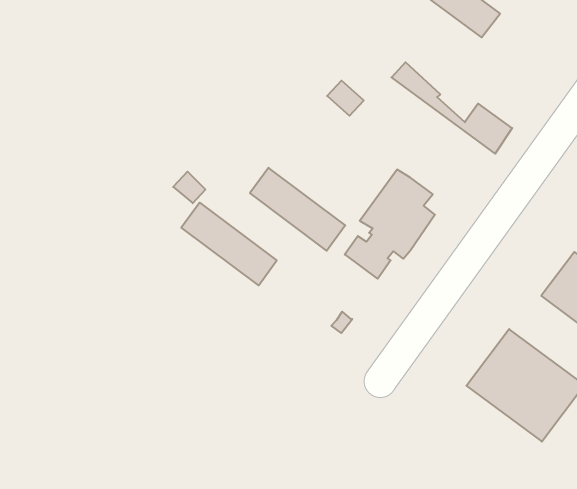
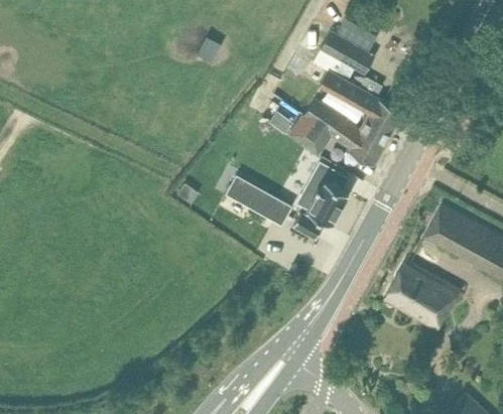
building: none -> [320,70,401,129]
building: none -> [288,106,382,164]
building: [181,203,277,285] -> none

